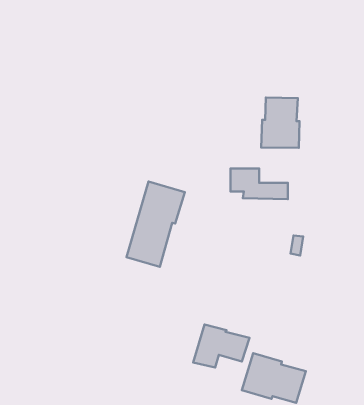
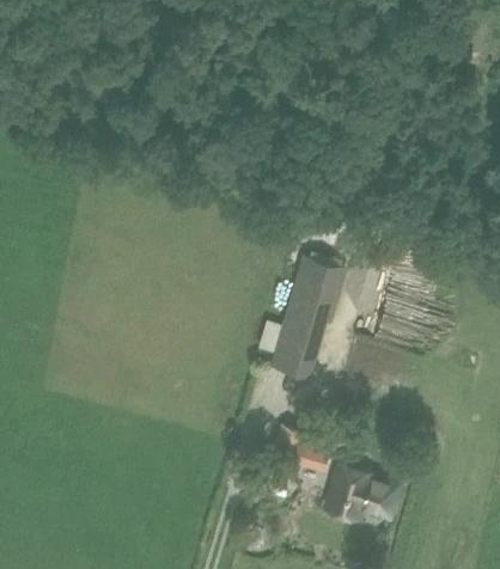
building: [261,98,300,148] -> none
building: [126,182,185,267] -> [268,274,341,380]

